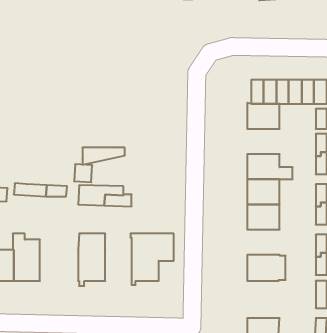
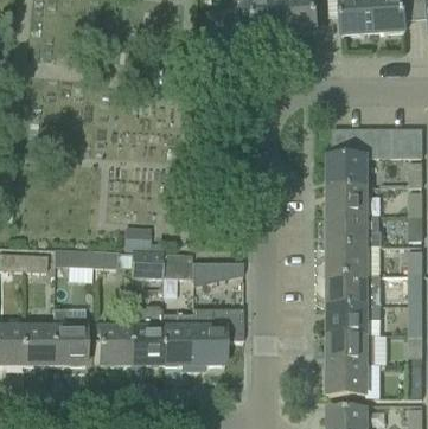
building: none -> [327,186,365,216]
building: [82,148,125,165] -> [191,263,241,283]
building: none -> [327,305,379,334]
building: none -> [160,314,191,370]
building: none -> [97,328,128,365]
building: none -> [324,365,364,395]

